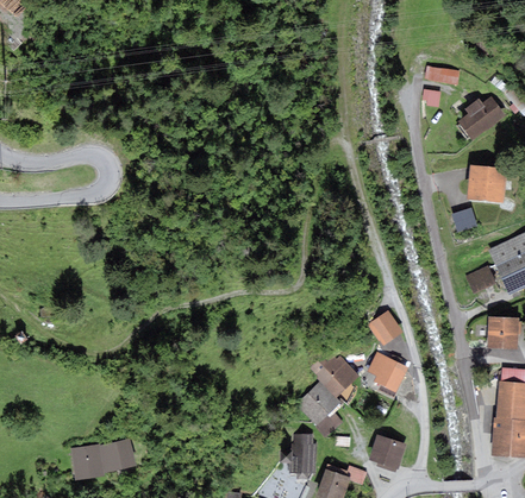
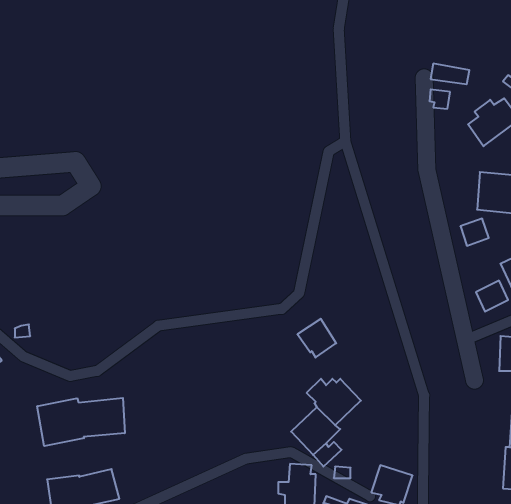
building: [367,310,402,346] -> [297,319,336,358]
building: [368,353,408,392] -> none
building: none -> [37,398,125,446]

